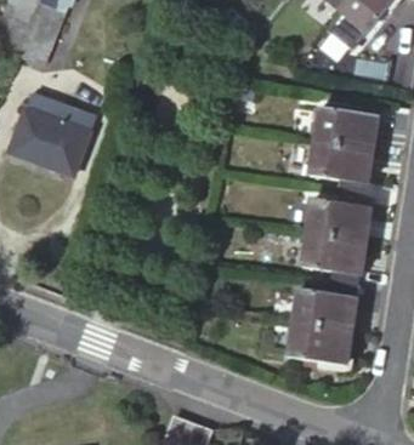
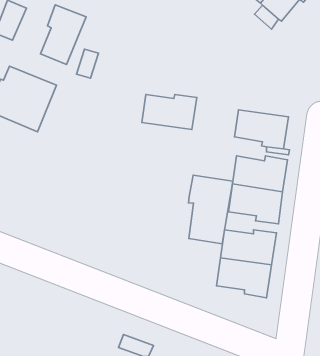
building: none -> [40,5,86,64]
building: [313,110,380,153] -> [142,95,197,130]
building: none -> [188,175,233,244]

